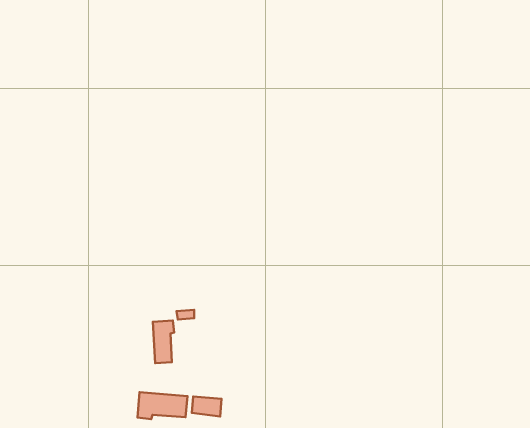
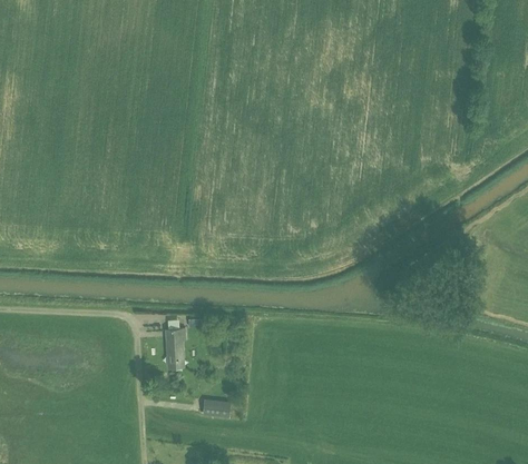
building: [138,392,187,419] -> none

